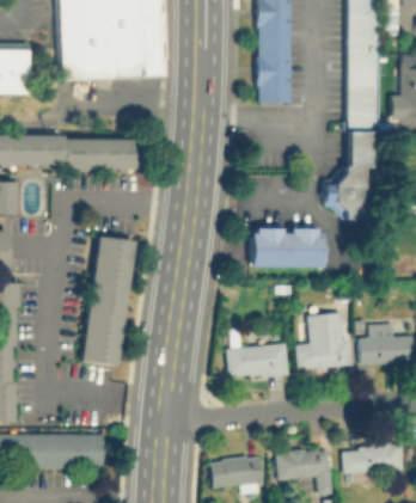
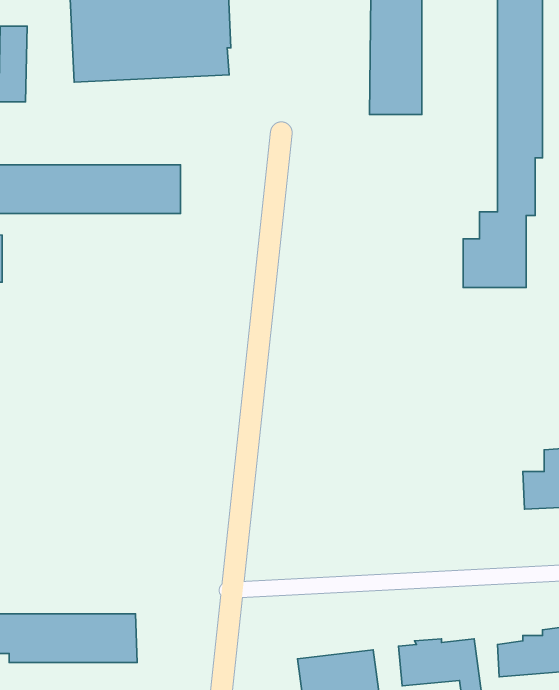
building: [255,228,320,266] -> none
building: [78,235,131,366] -> none
building: [298,314,350,370] -> none
building: [228,343,289,376] -> none

